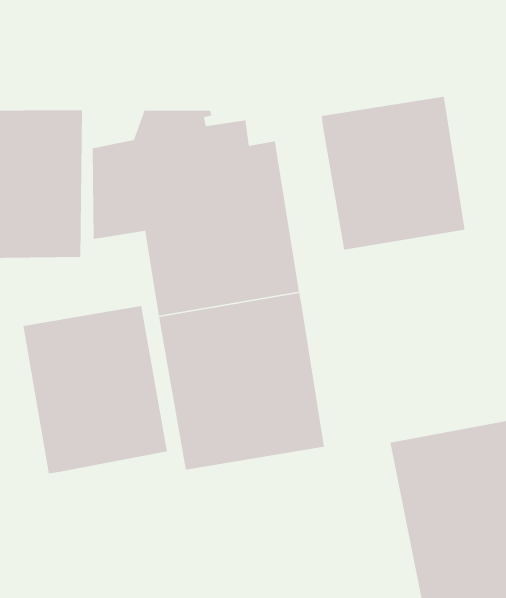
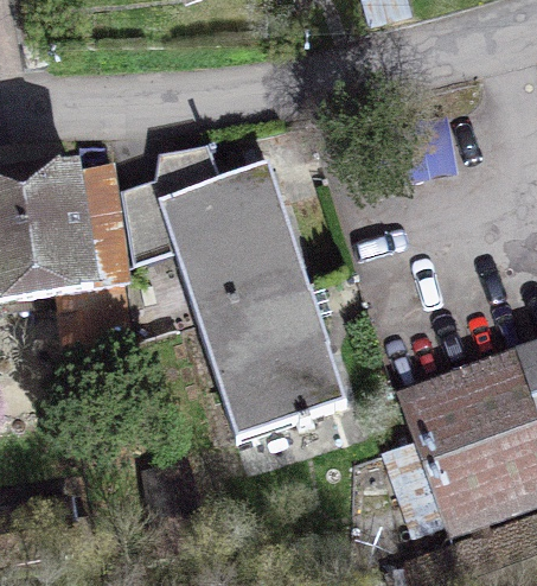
building: [321,96,466,250] -> none
building: [22,305,168,474] -> none

